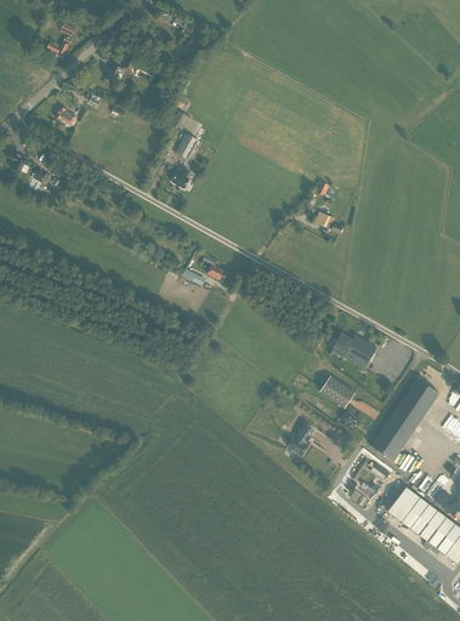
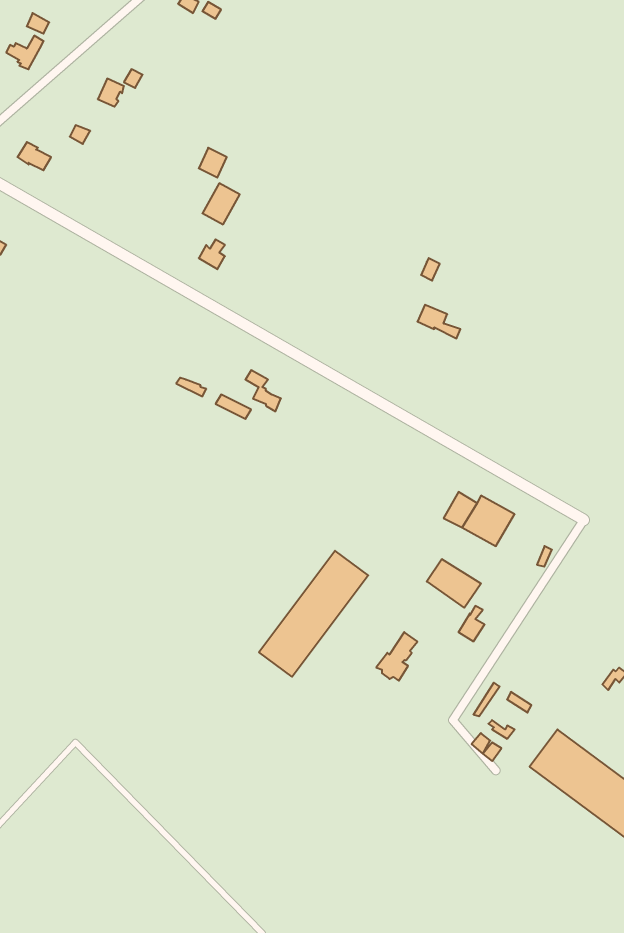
building: none -> [259,551,368,677]
building: [371,377,439,461] -> none

